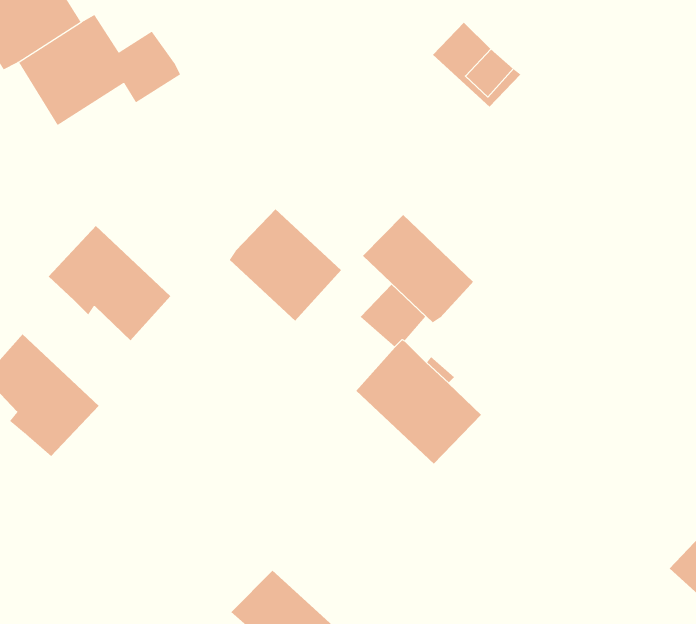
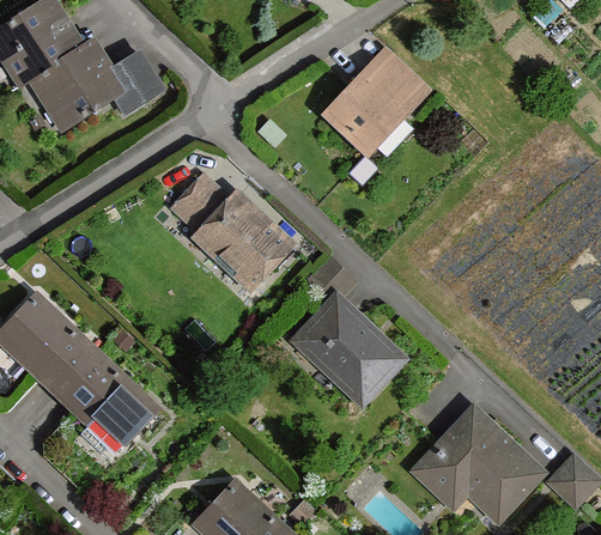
building: none -> [322,74,405,156]
building: none -> [176,178,229,230]
building: [362,214,474,323] -> none
building: [48,225,171,341] -> [56,353,154,445]
building: none -> [417,412,538,516]

